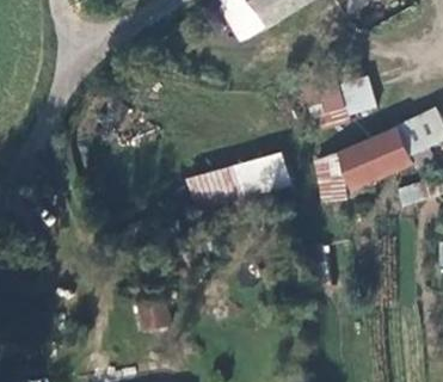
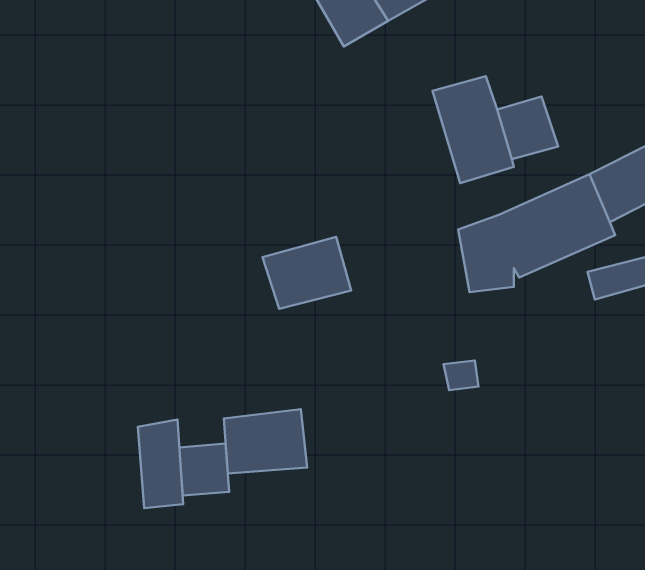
building: [235,150,294,199] -> none
building: none -> [224,409,307,474]
building: none -> [138,420,183,508]

